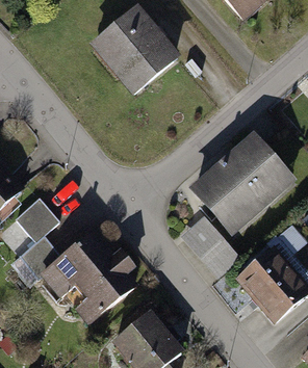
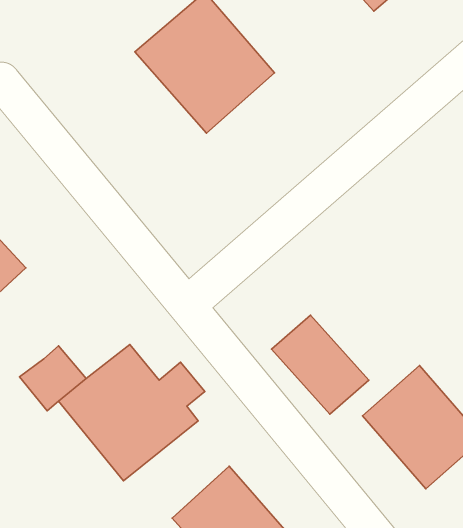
building: [191,131,296,232] -> none
building: [12,196,57,241] -> none

